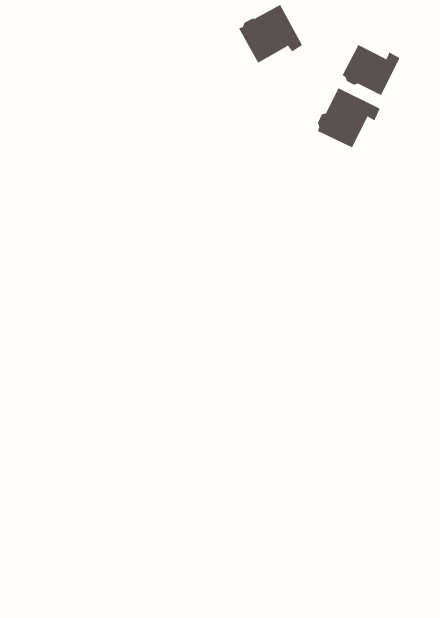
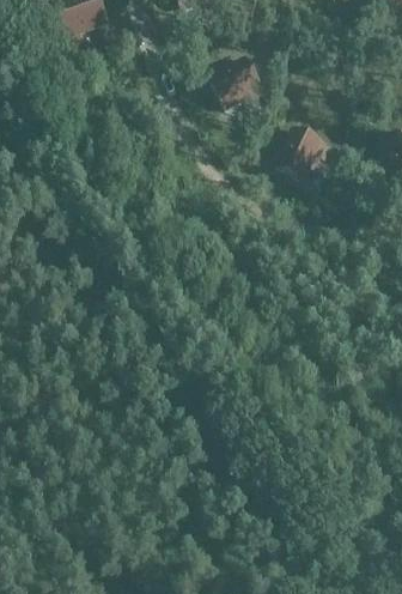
building: [342,44,400,96] -> none

